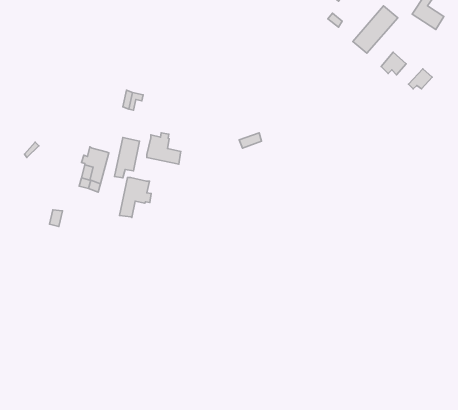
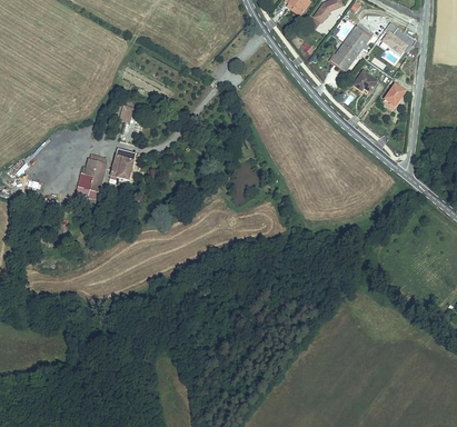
building: [147,133,181,164] -> none
building: [119,177,151,217] -> none

